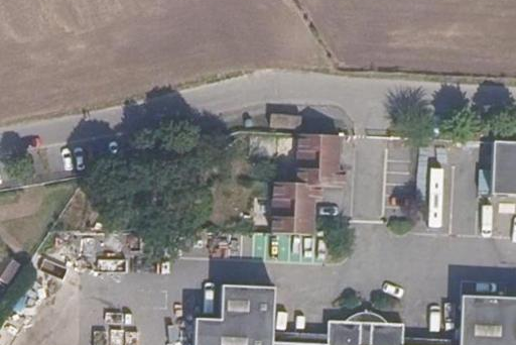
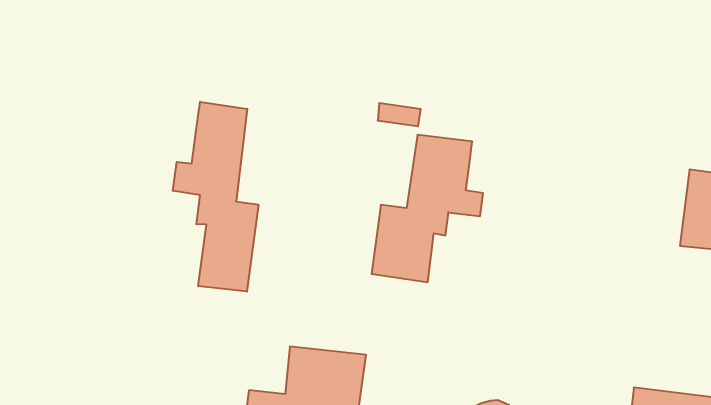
building: none -> [173,102,258,292]

